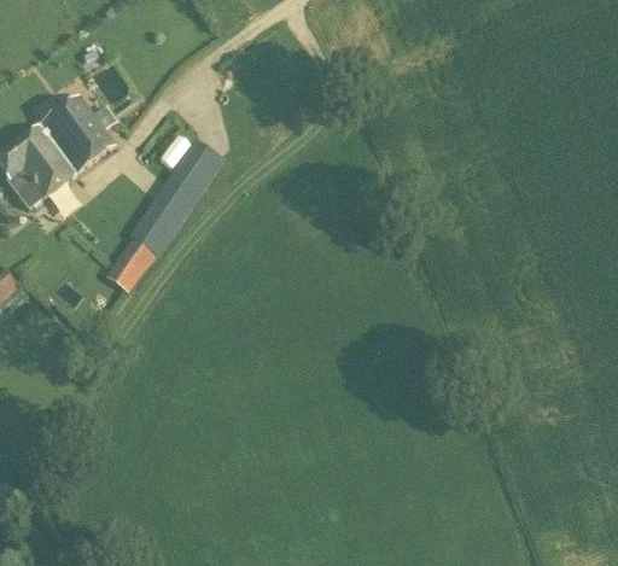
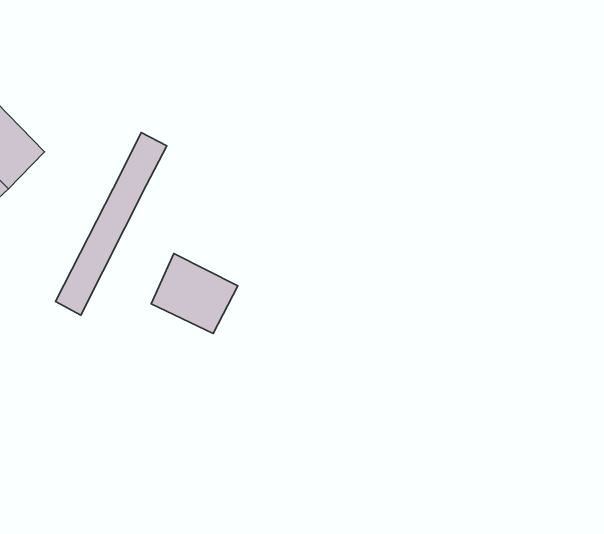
building: none -> [151,253,238,334]

